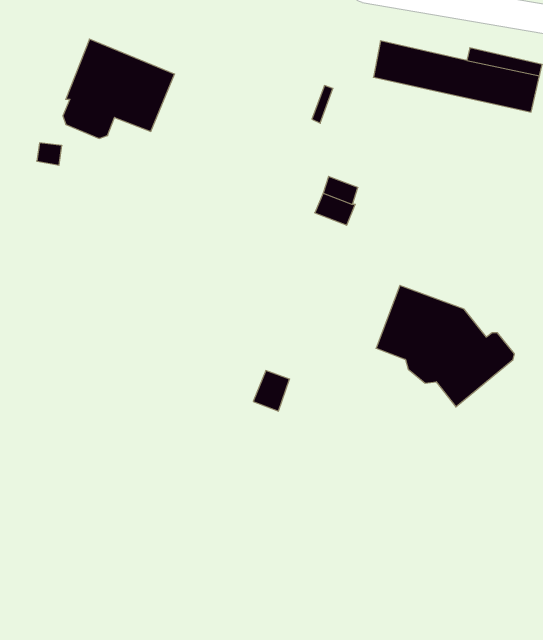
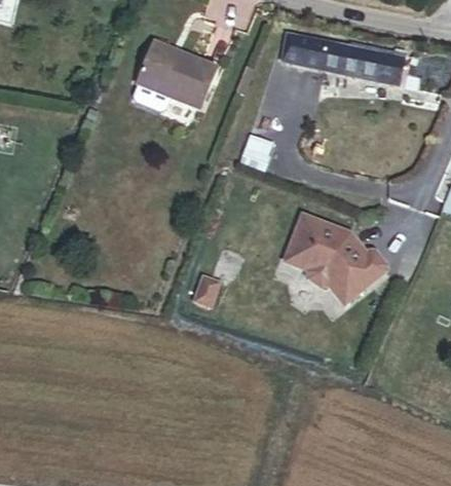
building: [63,39,175,138] -> [136,41,218,114]

